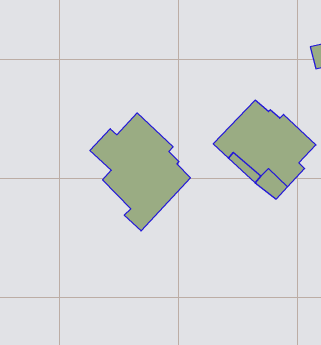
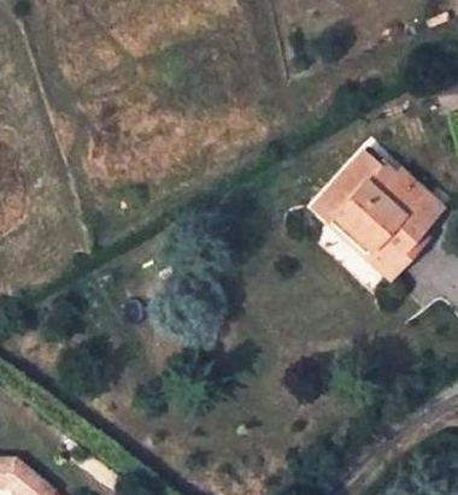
building: [90,113,190,231] -> none

